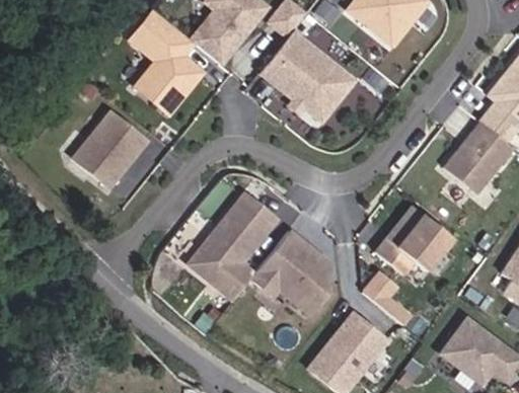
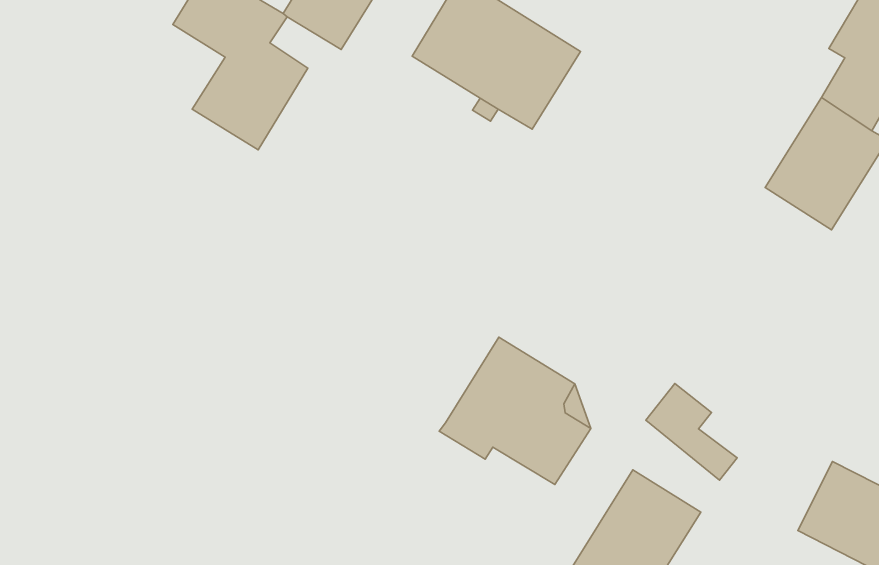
building: [73,110,147,186] -> none
building: [192,195,278,299] -> none
building: [376,205,452,272] -> none

